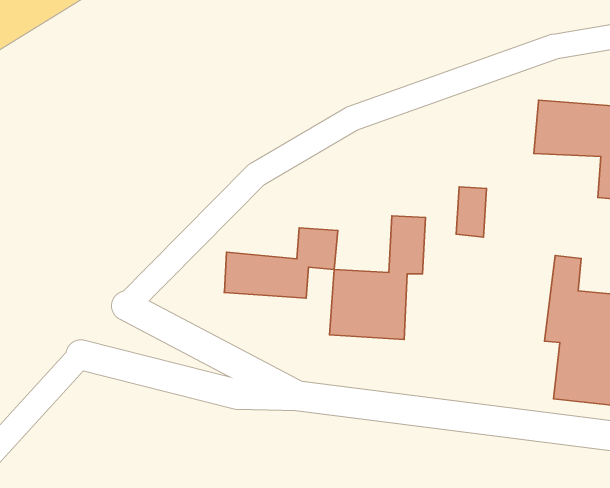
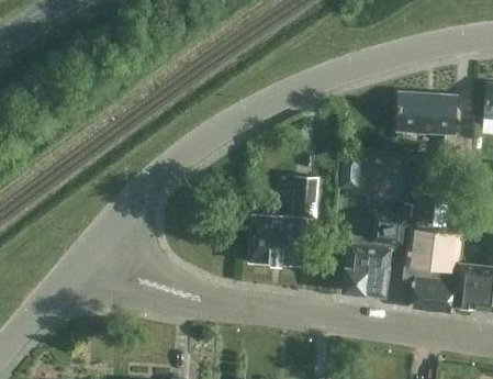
building: [224,228,338,298] -> none
building: none -> [345,210,411,296]

